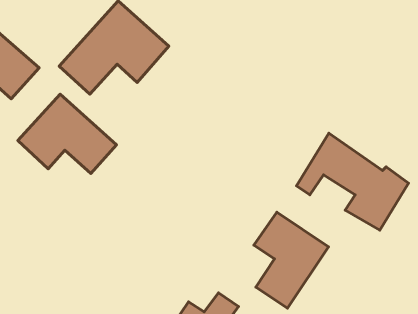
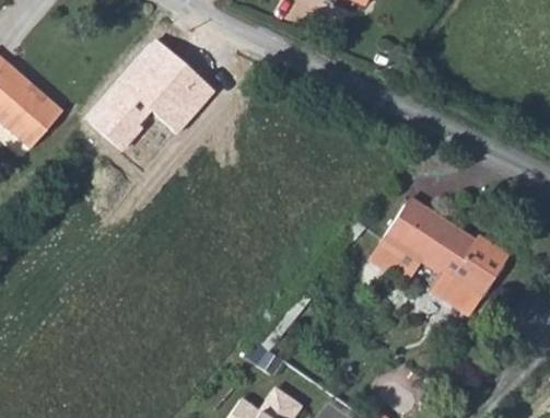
building: [18,94,116,174] -> none
building: [254,212,328,308] -> none

